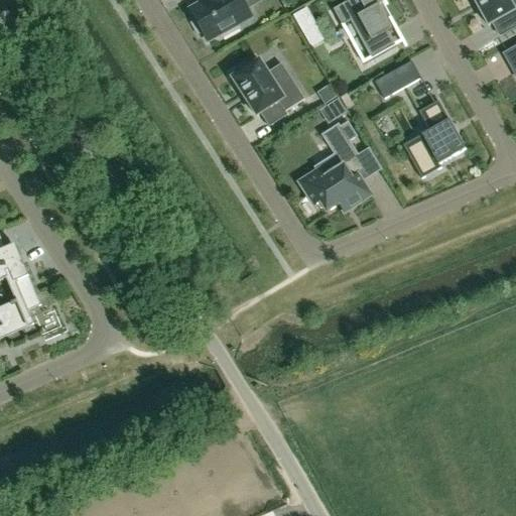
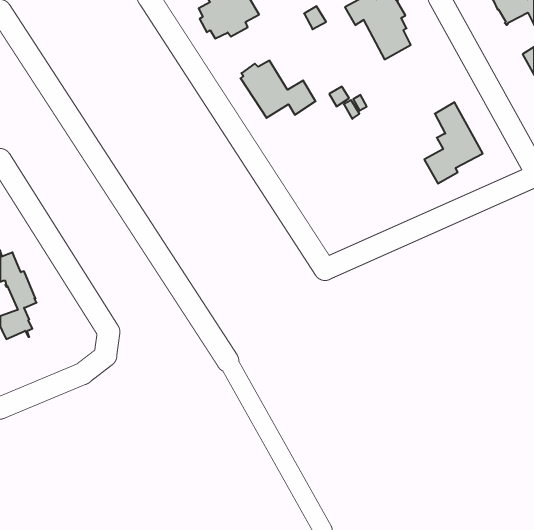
building: [375,59,421,98] -> none
building: [300,120,371,211] -> none

